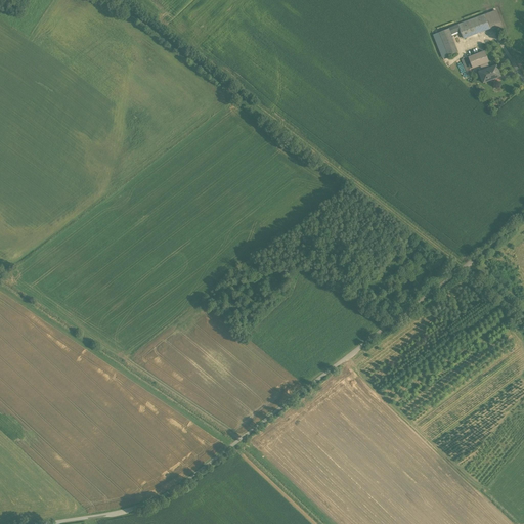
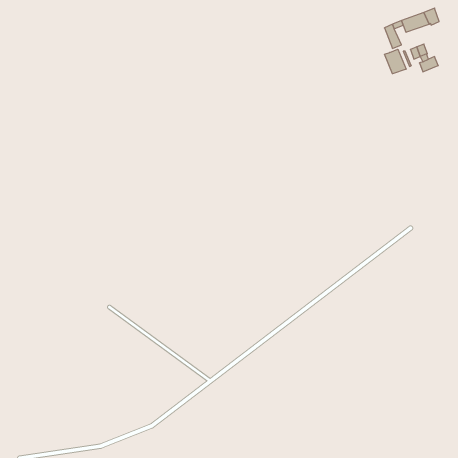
building: none -> [385,49,406,74]

